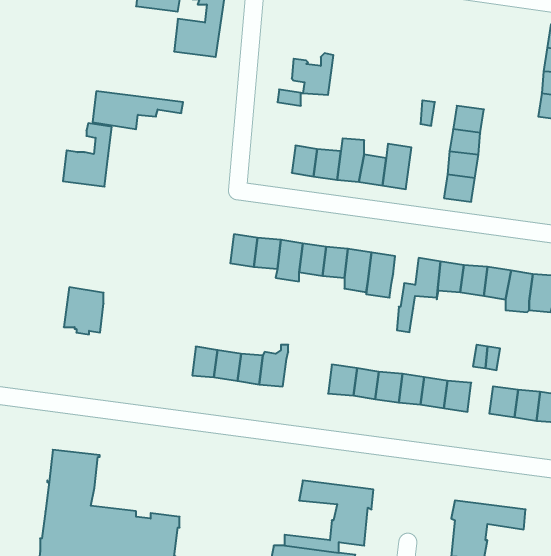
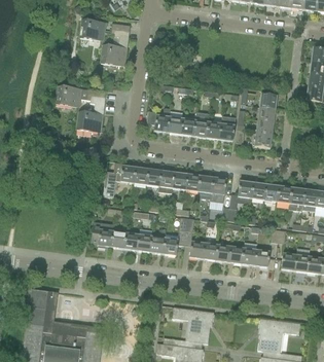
building: [292,53,333,95] -> [147,108,171,132]
building: [63,123,112,187] -> [77,96,105,132]
building: none -> [103,165,135,197]
building: [64,287,104,334] -> [91,221,113,248]
building: none -> [163,217,187,255]

